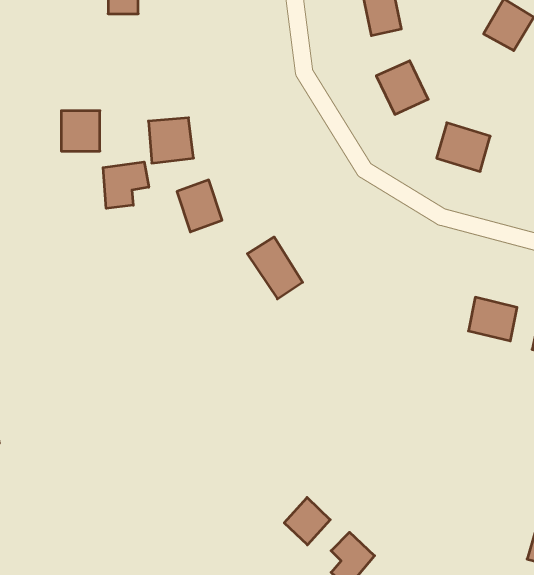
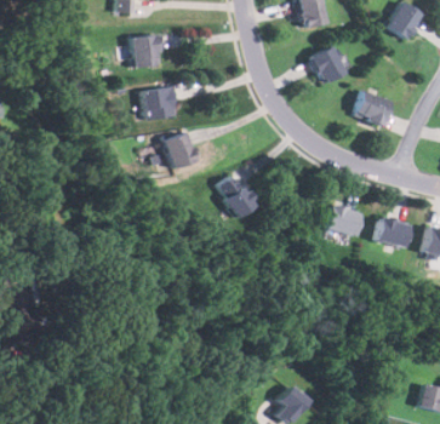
building: [61,111,100,151] -> [132,36,160,65]
building: [103,162,149,208] -> none
building: none -> [325,205,361,236]
building: [284,497,330,545] -> none

